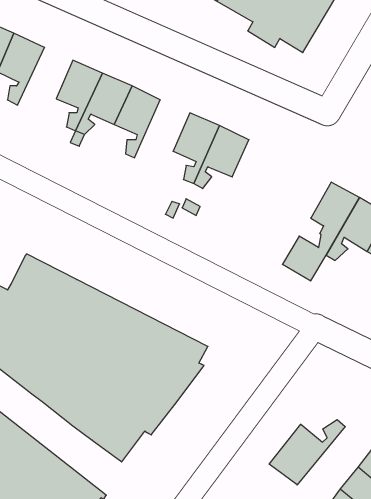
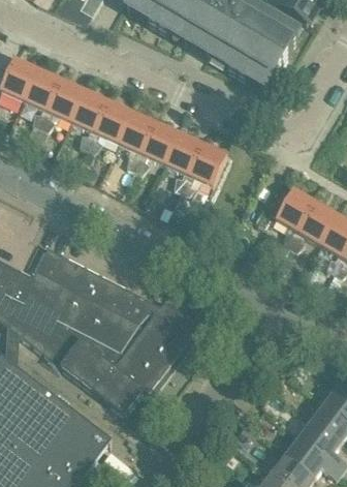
building: none -> [40,80,85,129]
building: none -> [134,122,179,172]
building: [269,420,345,485] -> none

